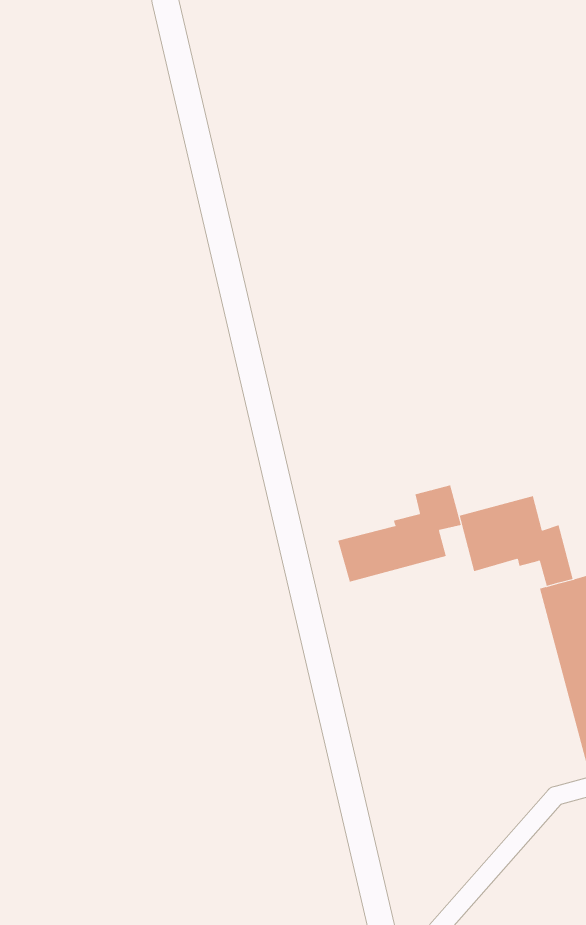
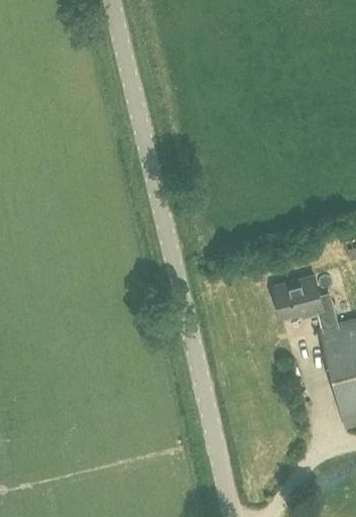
building: [338,484,461,582] -> none

